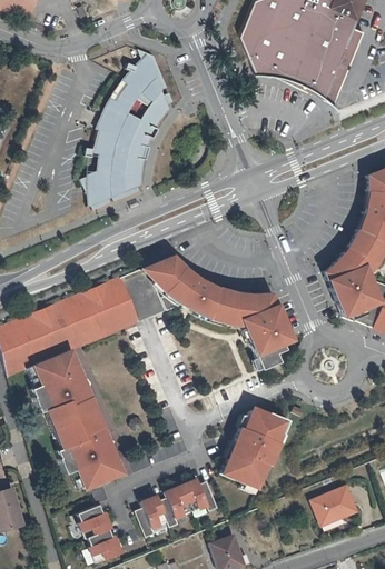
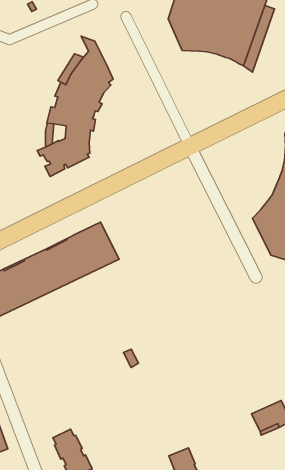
building: [149,256,292,369] -> none
building: [32,350,122,488] -> none
building: [223,409,289,488] -> none
building: [136,480,219,537] -> none

